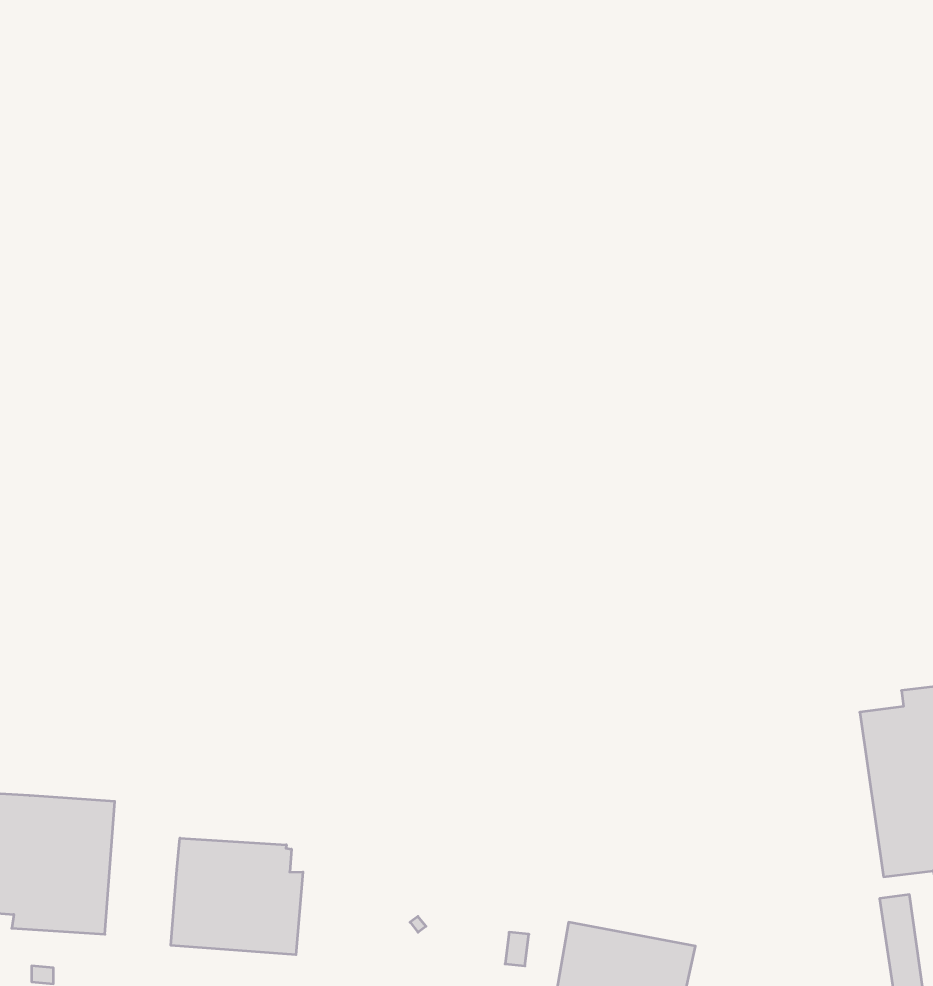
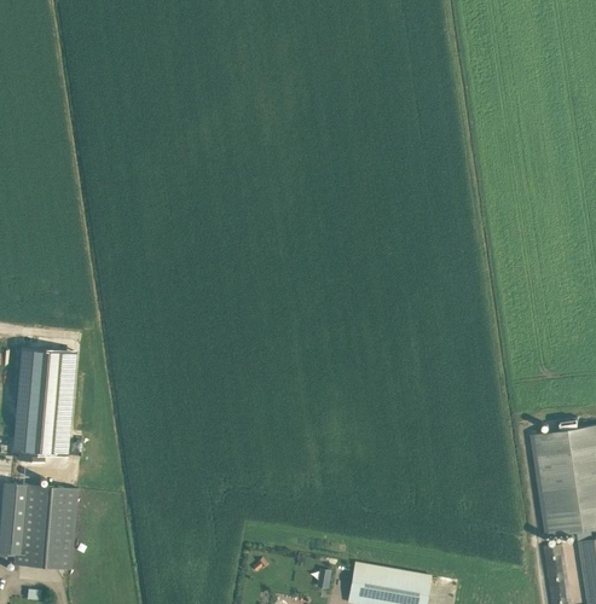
building: none -> [13,345,74,463]
building: [171,838,303,955] -> none

